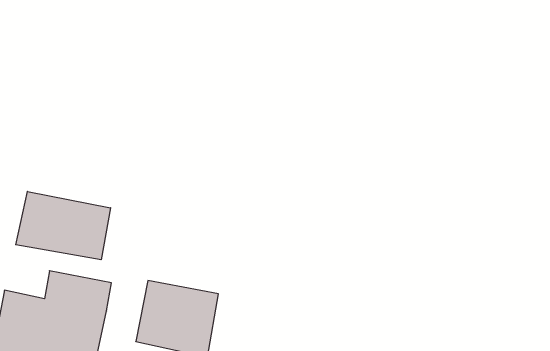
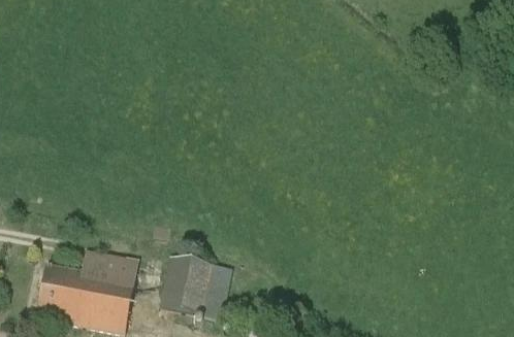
building: [16,191,111,260] -> none

